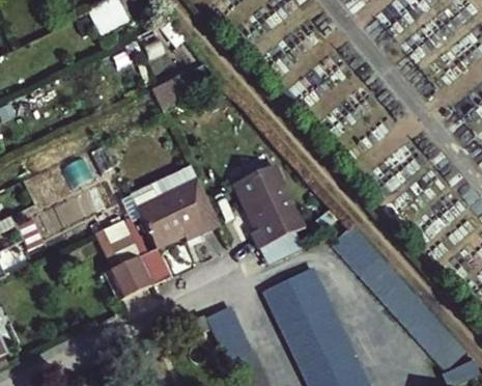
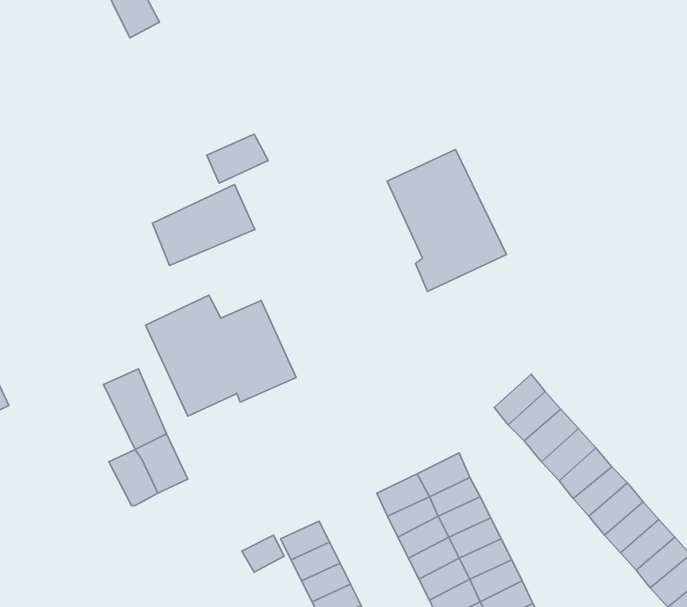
building: none -> [152,185,255,265]
building: [232,163,303,247] -> [387,150,506,291]

